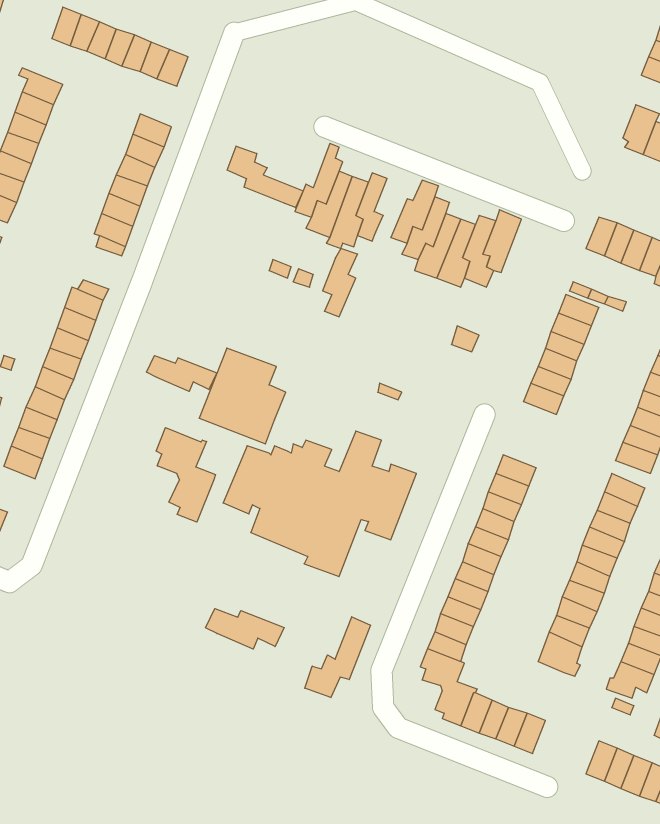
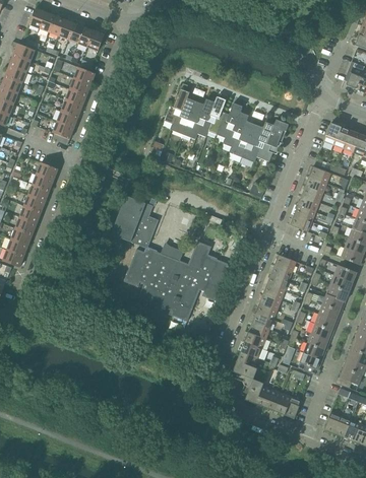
building: [227,146,303,208] -> none
building: [323,249,358,317] -> [207,96,227,134]
building: [147,356,217,391] -> none
building: [156,428,216,522] -> none
building: [206,609,284,649] -> none
building: [305,617,370,698] -> none

